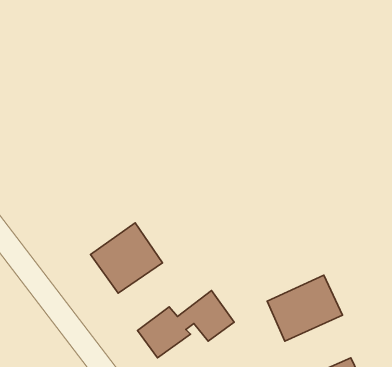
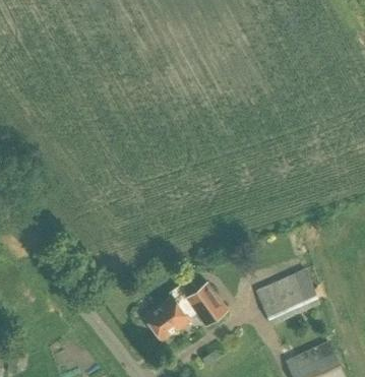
building: [91,223,162,293] -> none

